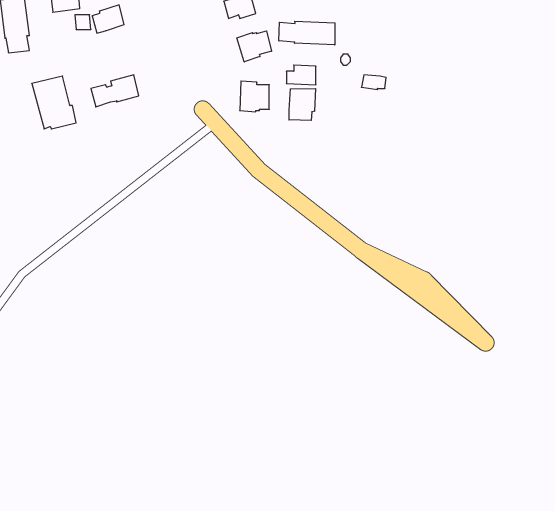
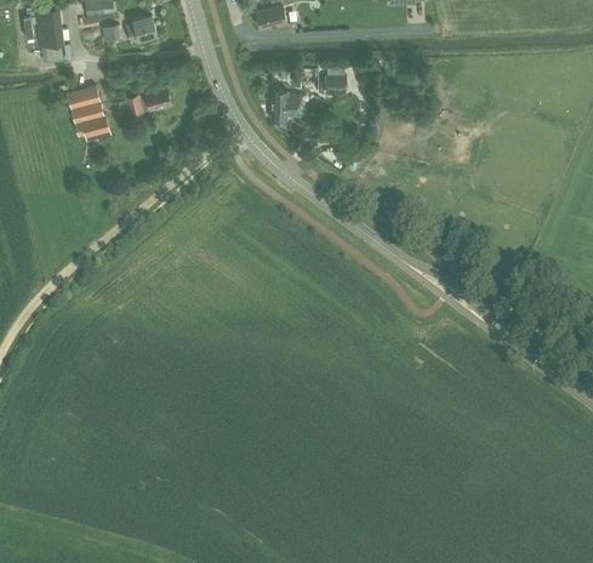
building: [279,21,335,45] -> none
building: [237,31,272,62] -> none
building: [289,89,316,120] -> none

